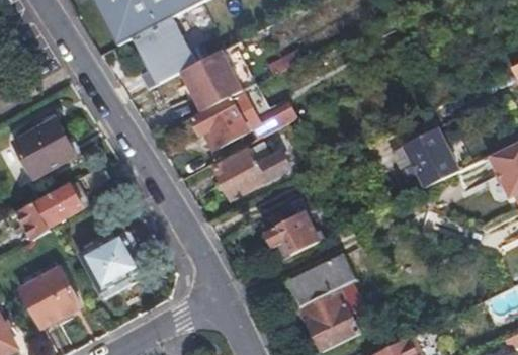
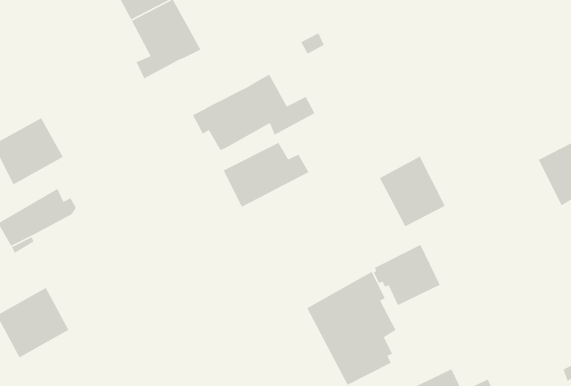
building: [181,52,240,111] -> none
building: [390,132,447,194] -> [379,155,446,227]
building: [257,207,316,261] -> [373,244,441,306]
building: [84,232,145,292] -> none

